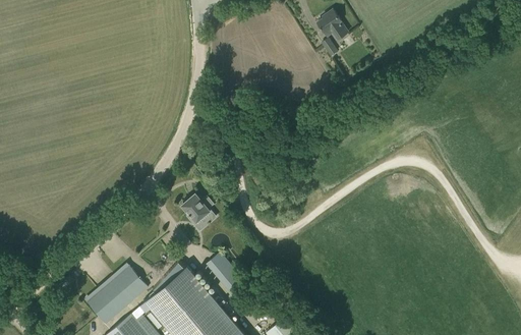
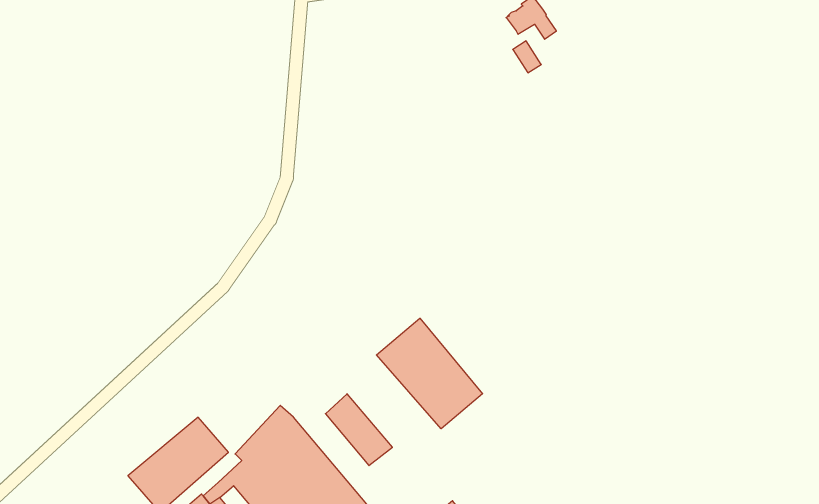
building: [181,196,213,226] -> none
building: none -> [376,318,483,429]

